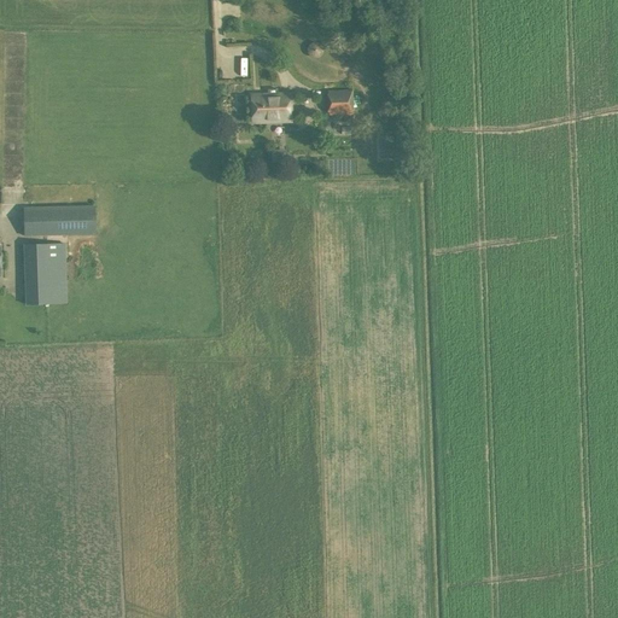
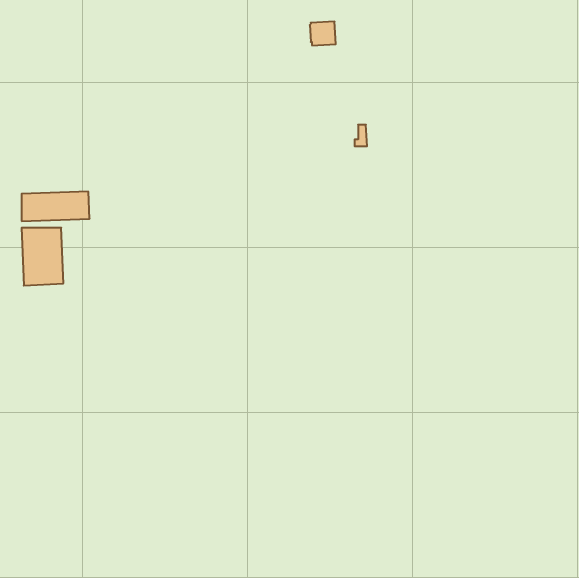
building: [250,88,291,123] -> none
building: [326,89,354,115] -> [310,22,336,45]

